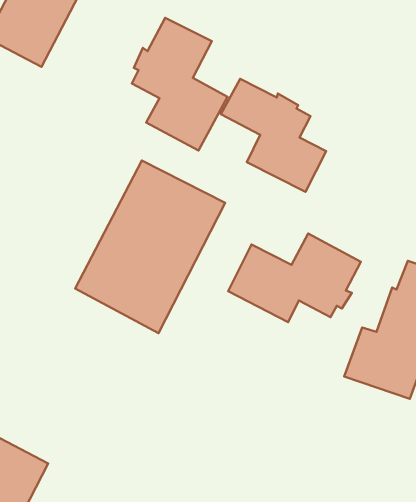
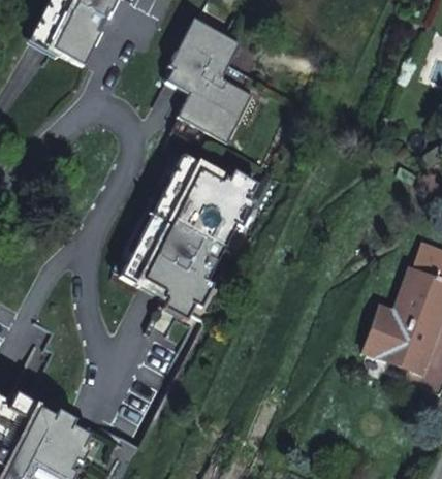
building: [221,79,326,192] -> none
building: [228,234,361,322] -> none

